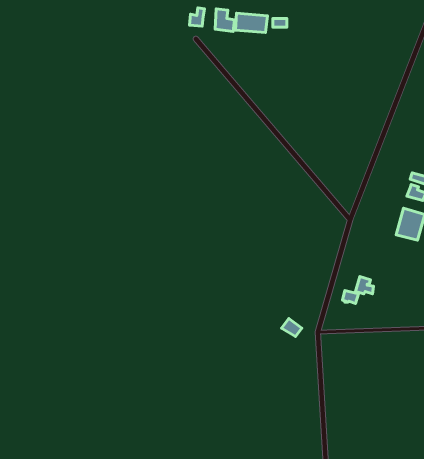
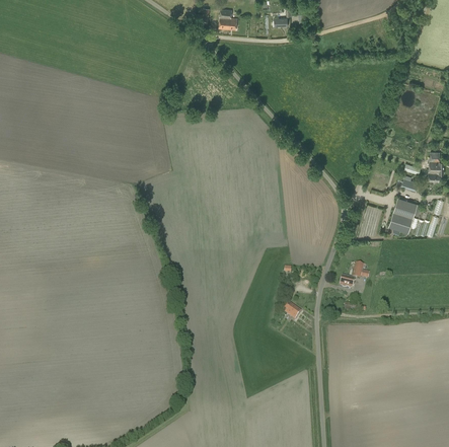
building: [236,13,268,33] -> none

